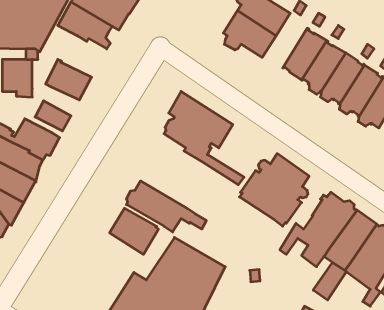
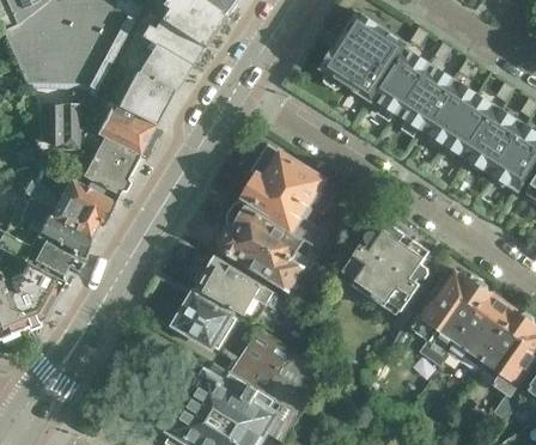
building: none -> [370,44,427,114]
building: none -> [92,60,172,126]
building: none -> [92,138,138,175]
building: none -> [220,206,322,297]
building: [313,263,346,300] -> none

